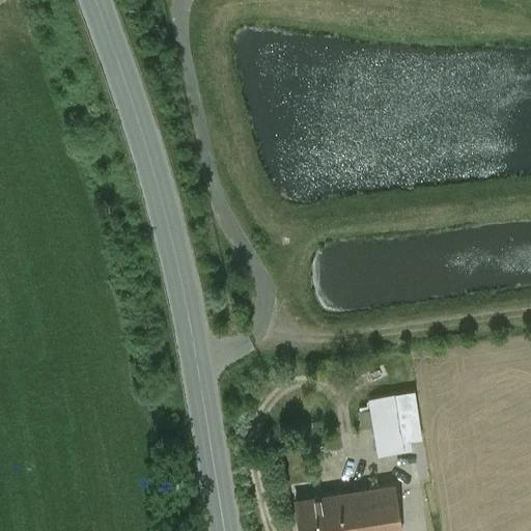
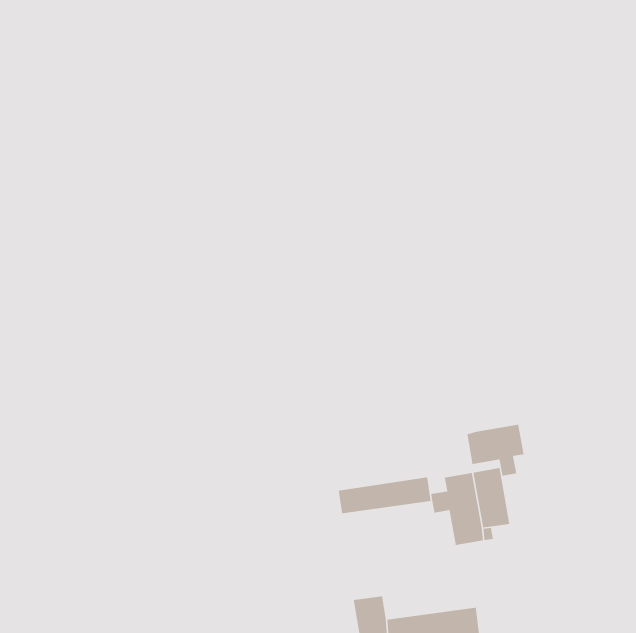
building: none -> [466,424,524,476]
building: [318,487,396,519] -> [338,477,431,514]

